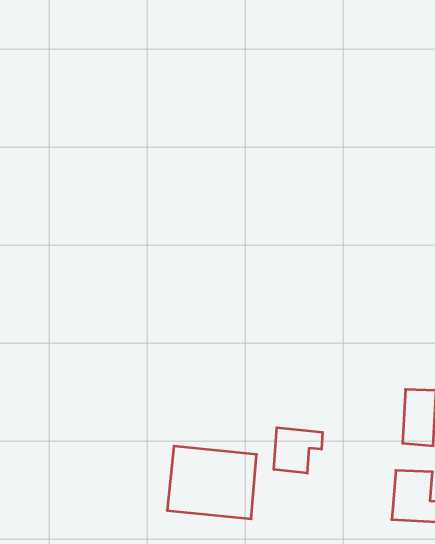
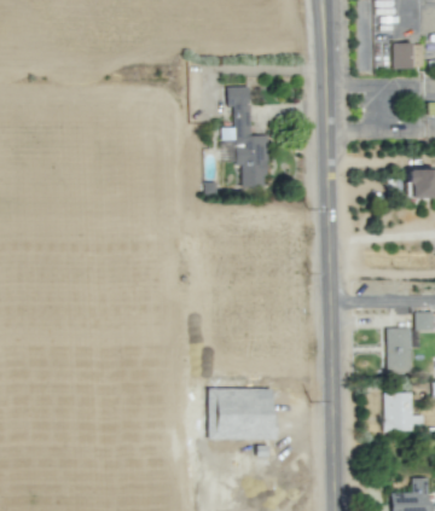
building: none -> [222,86,268,187]
building: [274,428,323,473] -> none

